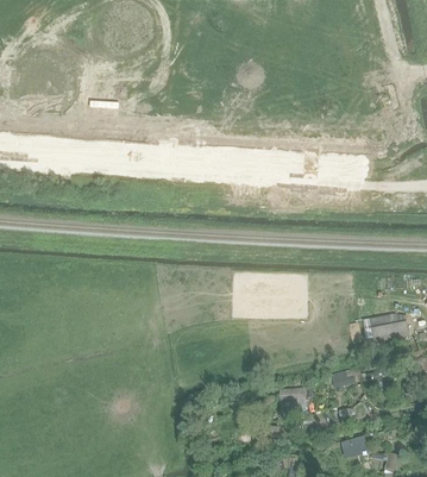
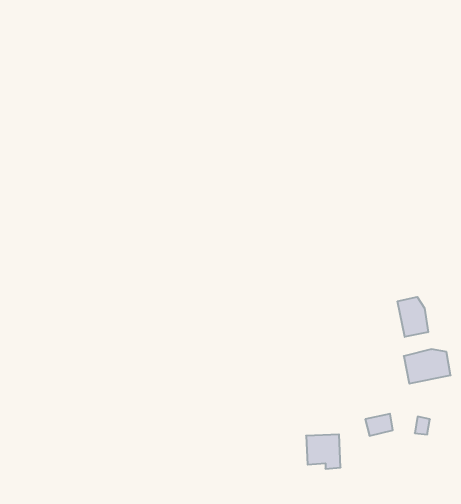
building: none -> [398,297,428,337]

